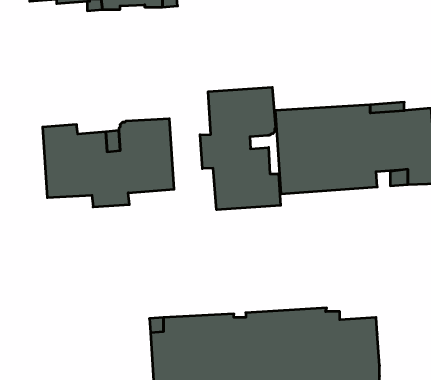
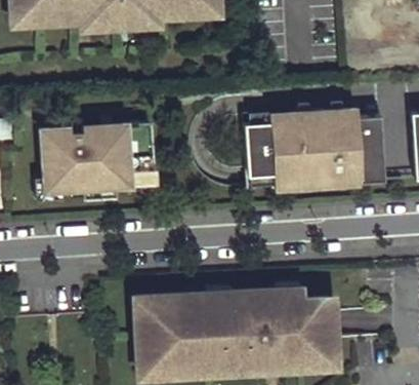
building: [200,87,281,210] -> none

